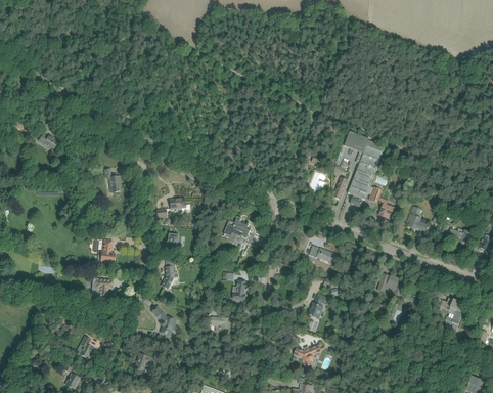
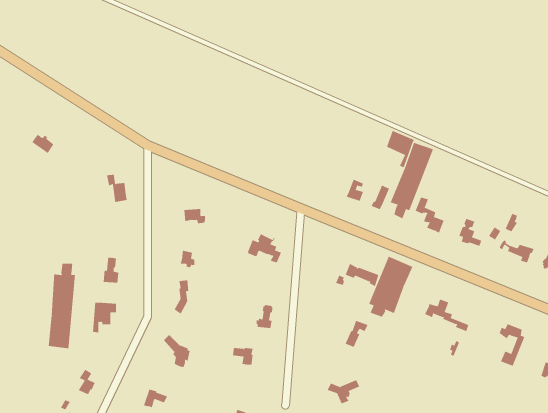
building: none -> [369,256,413,317]
building: none -> [48,263,75,349]

